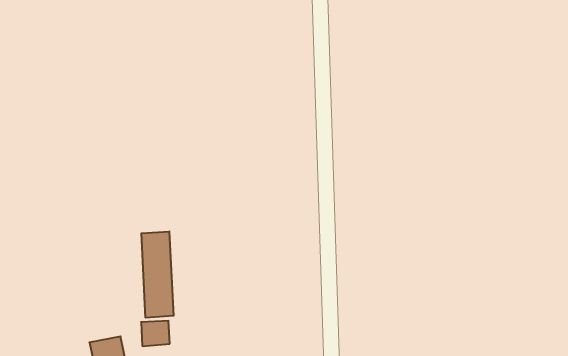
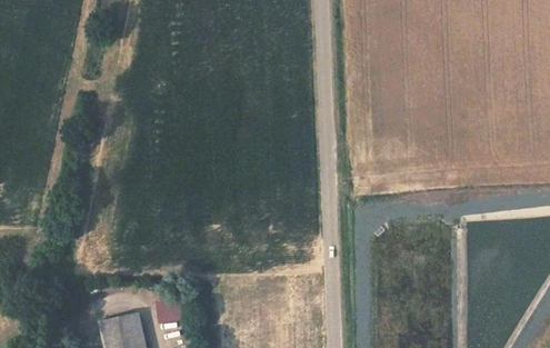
building: [141,231,174,318] -> none

